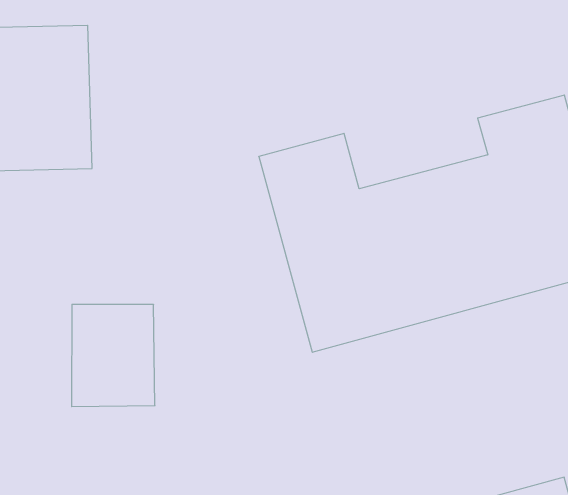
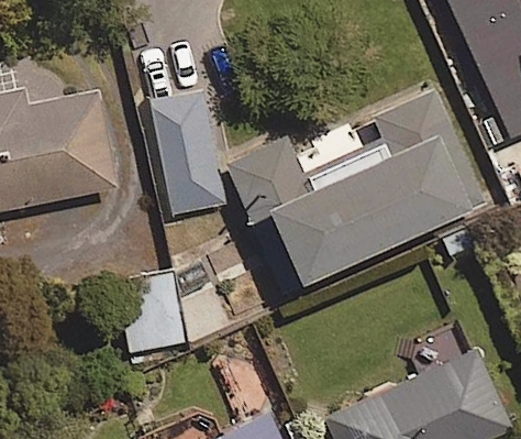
building: none -> [140,89,229,217]

